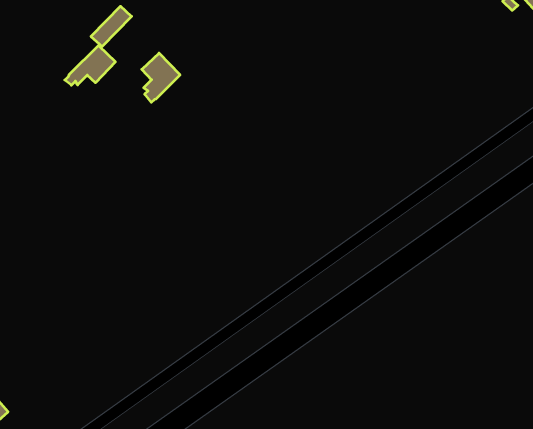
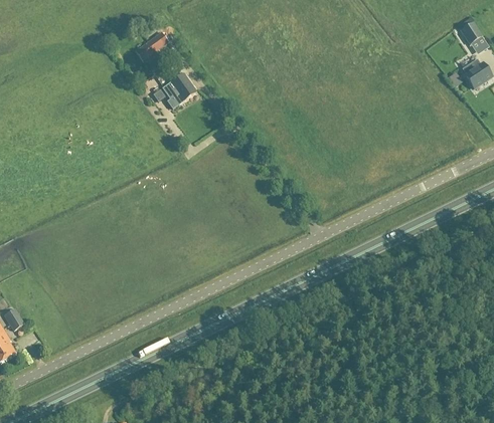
building: [65,45,115,85] -> none

